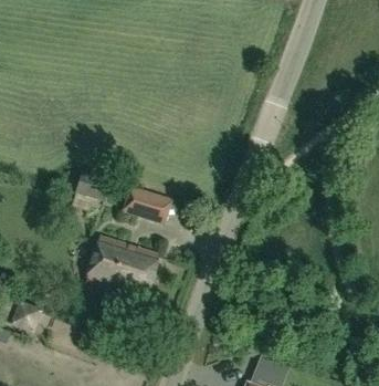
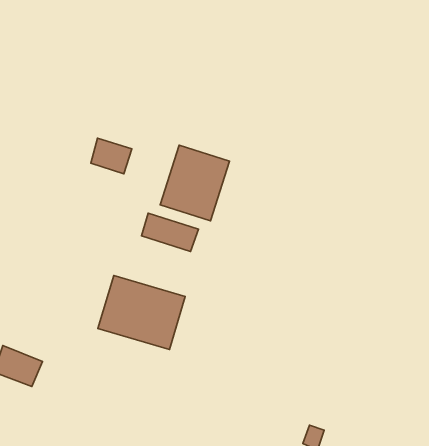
building: none -> [160,145,229,221]
building: [75,170,109,200] -> [91,138,132,174]

